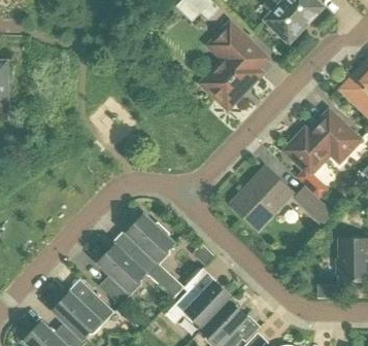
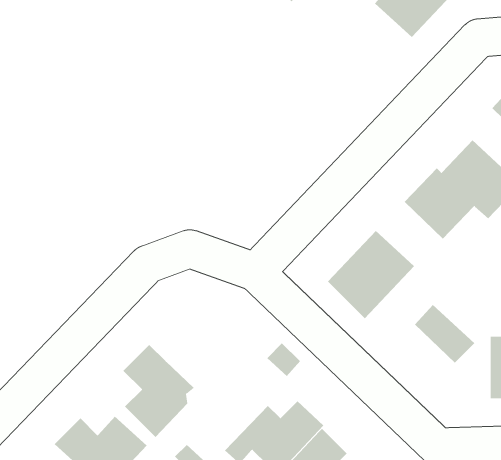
building: [205,24,267,107] -> none
building: [292,184,332,223] -> [414,304,475,364]
building: [126,214,182,299] -> none

